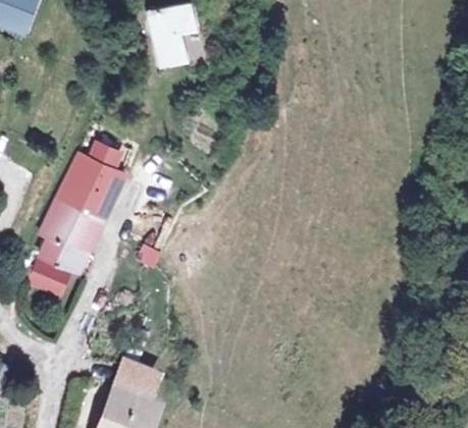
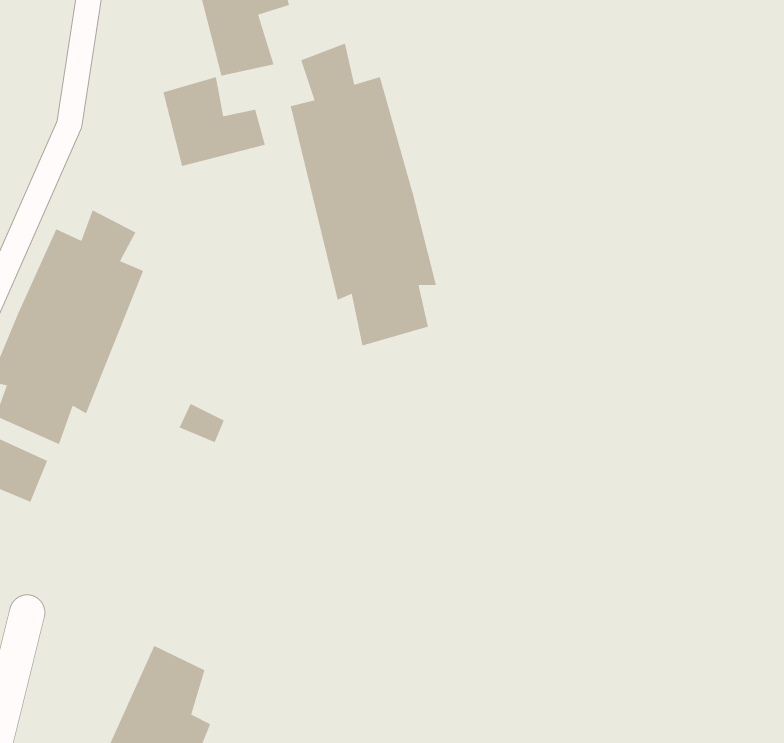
building: none -> [290,43,437,346]
building: none -> [162,76,266,167]

